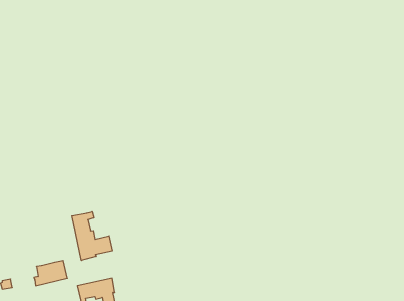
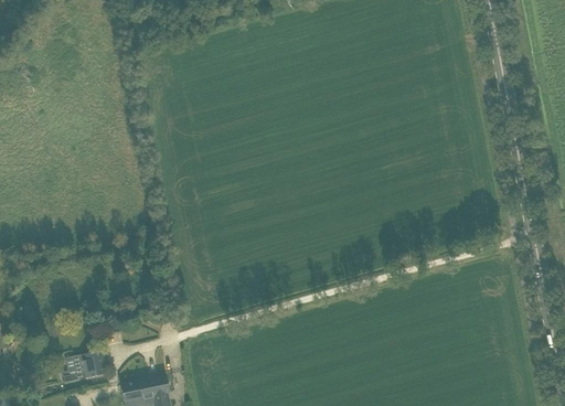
building: [72,211,112,261] -> none

